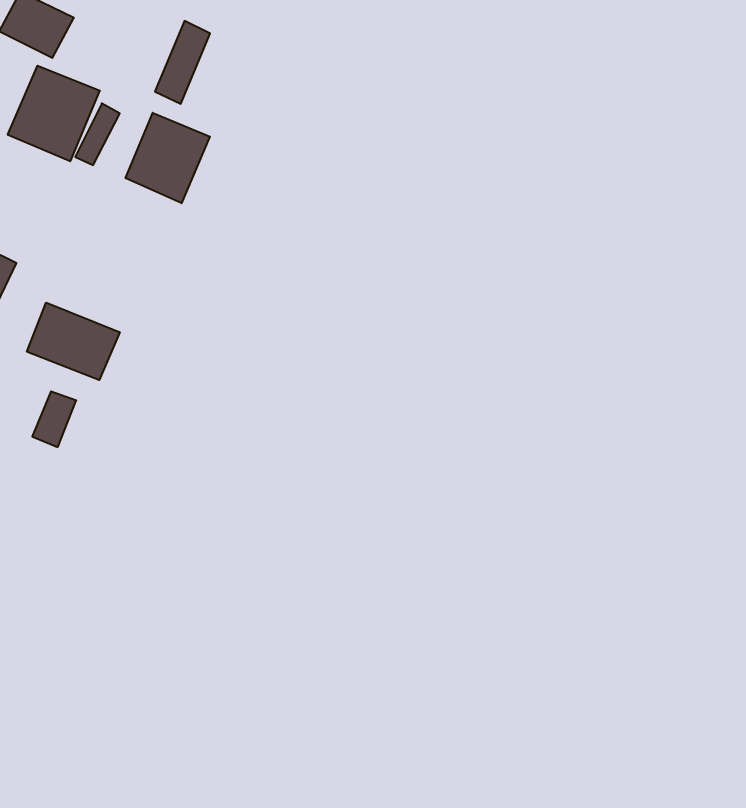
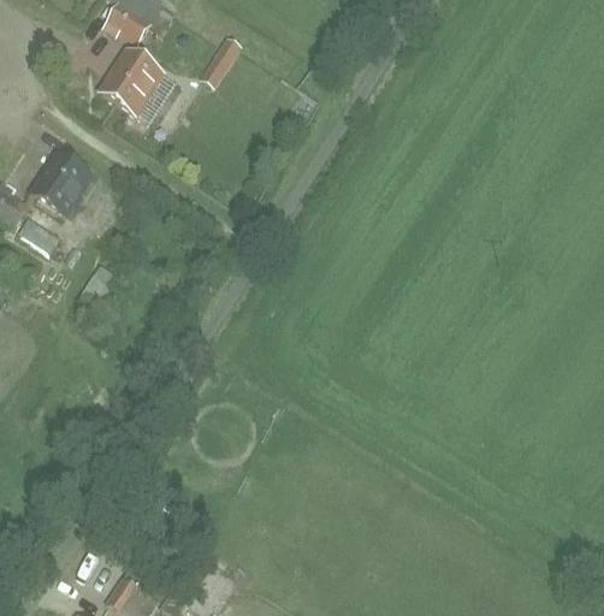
building: [126,113,210,203] -> none
building: [27,303,120,380] -> none

